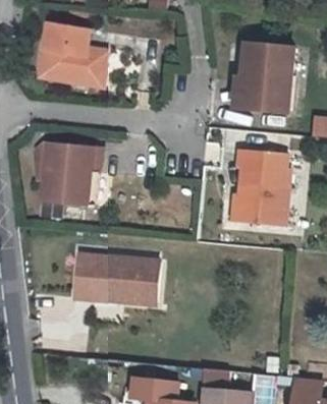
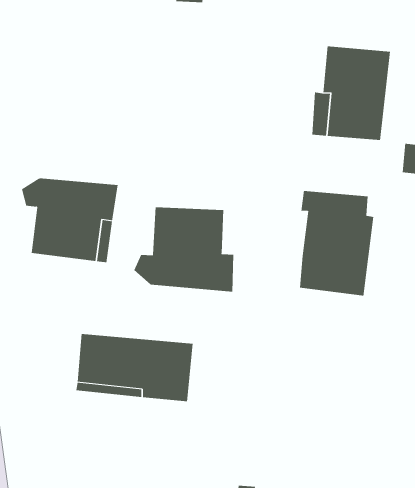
building: [38,21,108,82] -> none
building: none -> [133,206,234,292]

